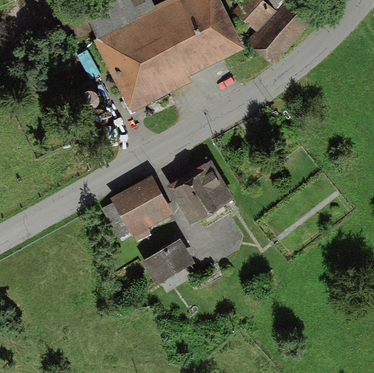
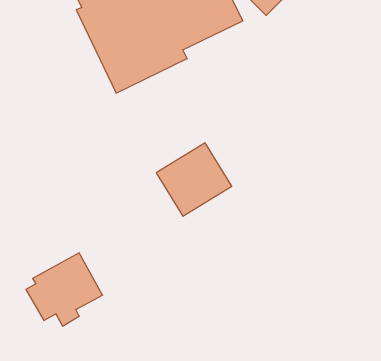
building: [103,175,172,241] -> [26,253,103,326]
building: [142,238,193,284] -> none

